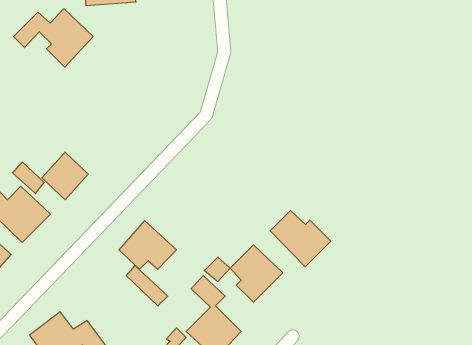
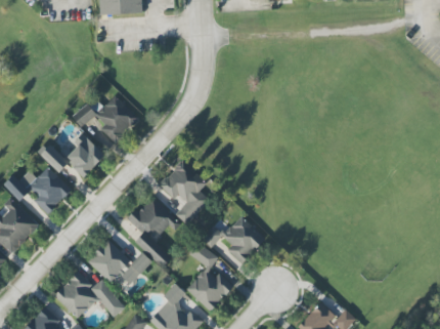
building: [14,9,93,67] -> [73,95,139,145]
building: none -> [159,160,210,224]
building: [270,211,331,267] -> none
building: none -> [87,240,150,284]

